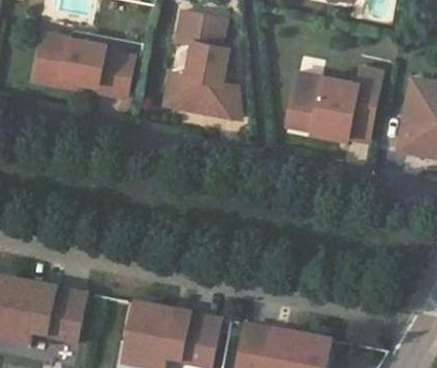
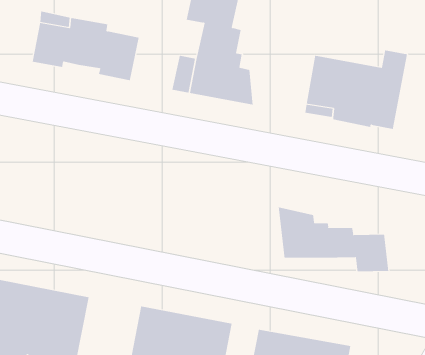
building: none -> [278,206,389,272]

